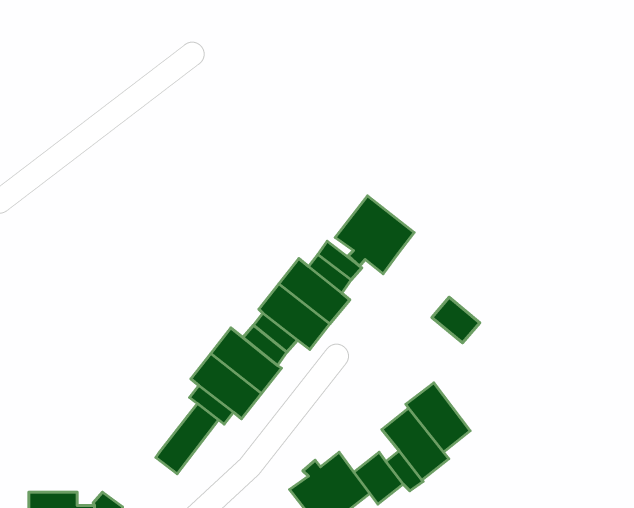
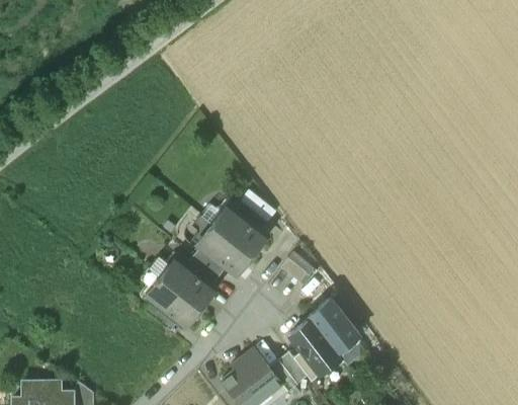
building: [335,196,414,274] -> none
building: [432,297,480,343] -> [284,248,321,282]
building: [156,404,219,474] -> none

